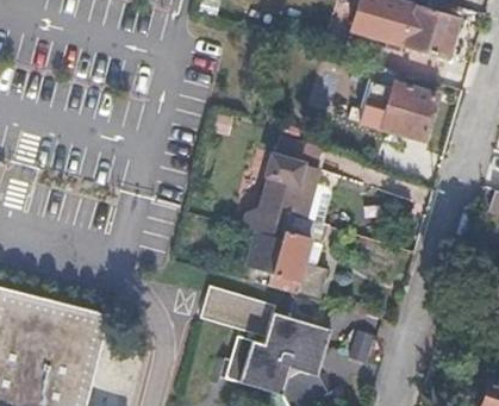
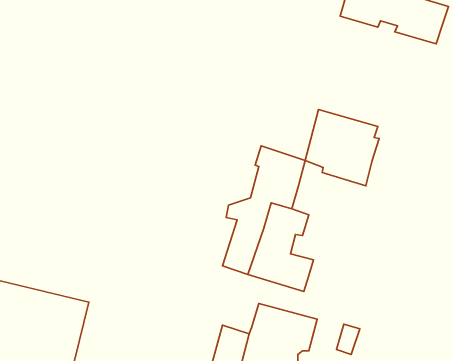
building: [366,67,438,142] -> [305,109,379,186]
building: [202,286,277,337] -> none

